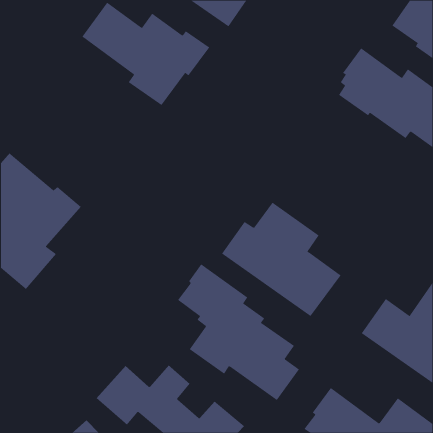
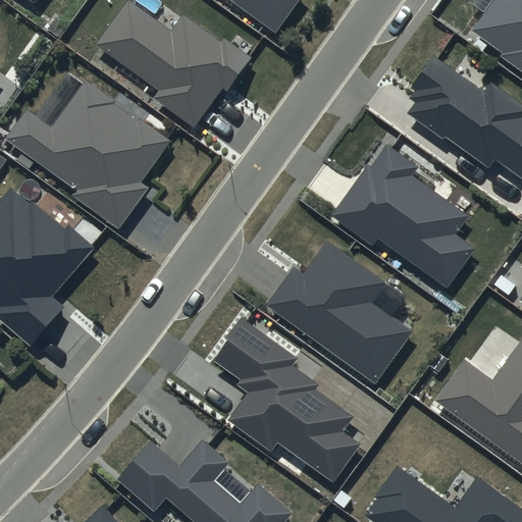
building: none -> [5,81,171,230]
building: none -> [330,144,475,288]

